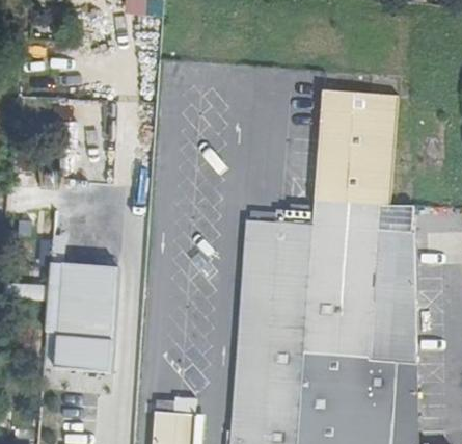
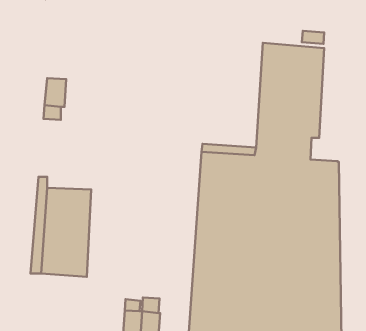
building: [379,204,412,232] -> none

